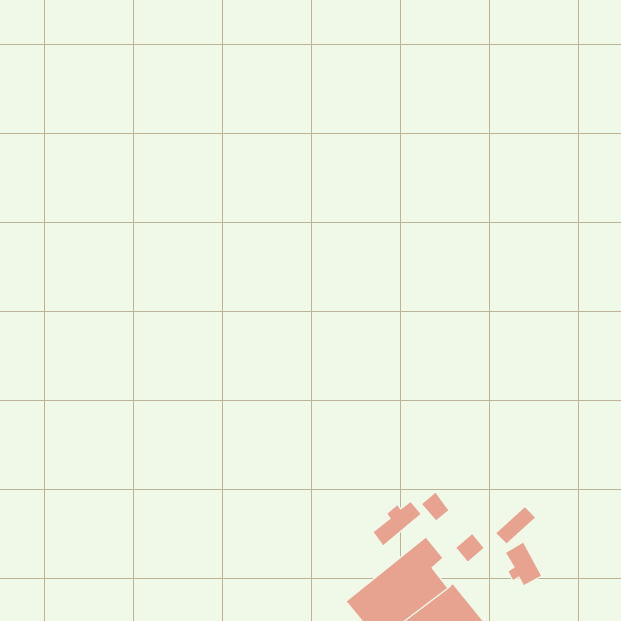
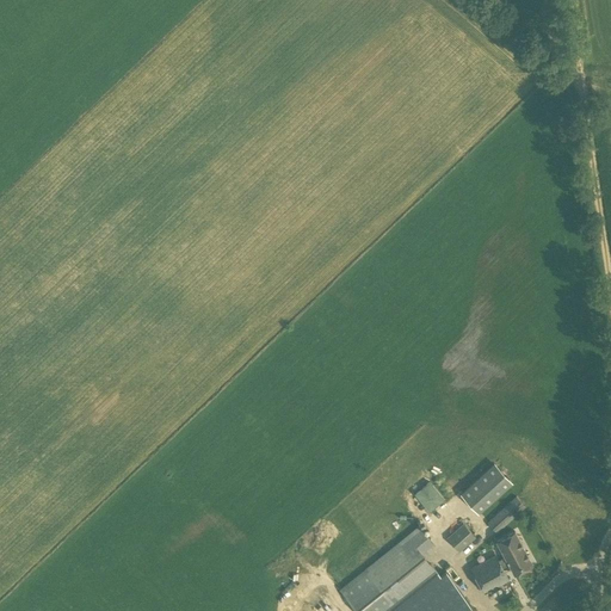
building: none -> [459,464,512,514]
building: [373,501,421,546] -> none
building: none -> [470,556,508,594]

